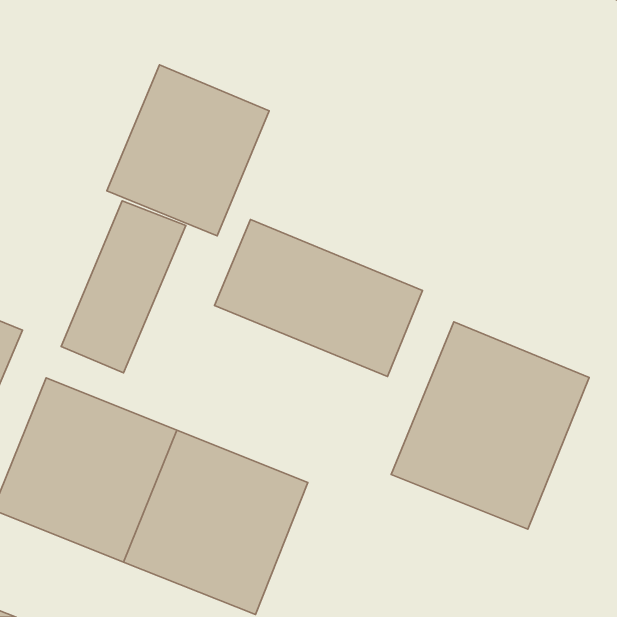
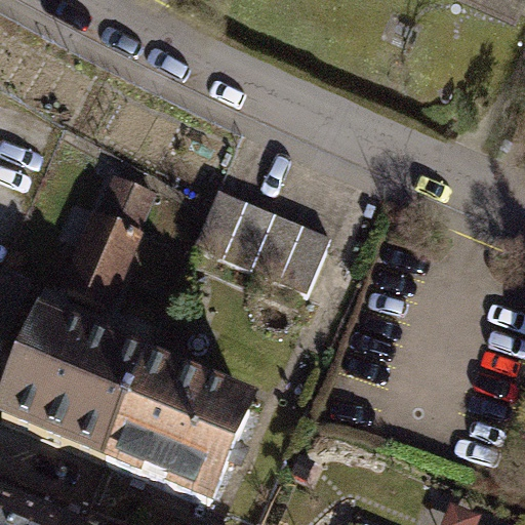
building: [107,65,269,236] -> none
building: [391,322,589,529] -> none

